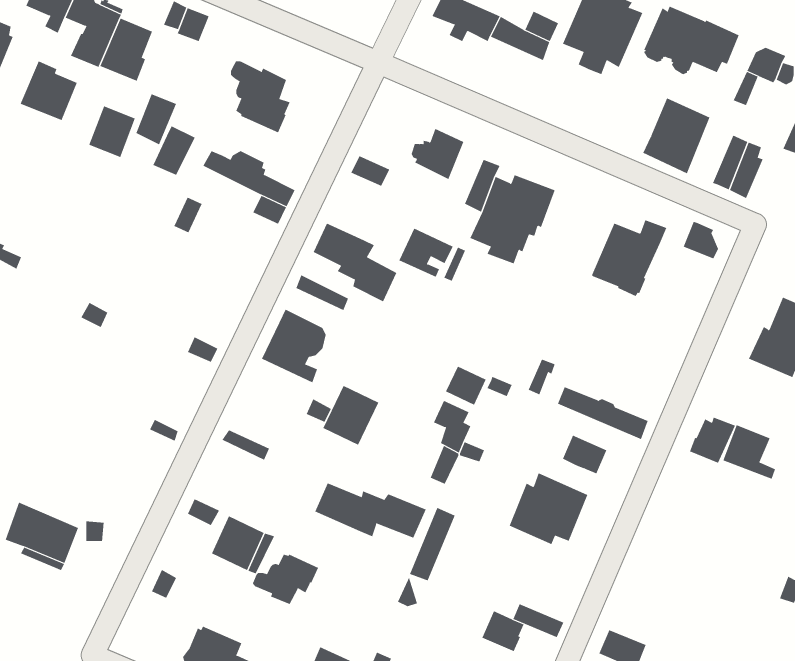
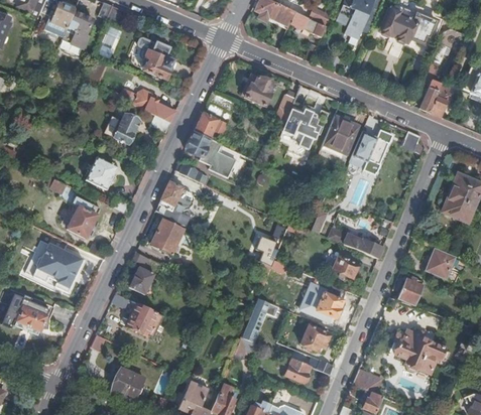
building: [20,60,78,121] -> none
building: [642,98,710,174] -> none
building: [89,105,136,158] -> none
building: [152,125,195,175] -> [113,114,138,143]
building: none -> [323,115,358,153]
building: [398,228,454,278] -> [194,112,226,141]
building: none -> [86,156,117,188]
building: none -> [68,195,100,237]
building: [322,385,379,446] -> [150,218,184,253]
building: none -> [22,238,84,294]
building: [689,417,736,463] -> [397,277,425,304]
building: none -> [129,265,154,293]
building: [315,483,426,538] -> none
building: none -> [300,324,329,350]
building: [252,554,319,605] -> none
building: none -> [394,328,444,372]

